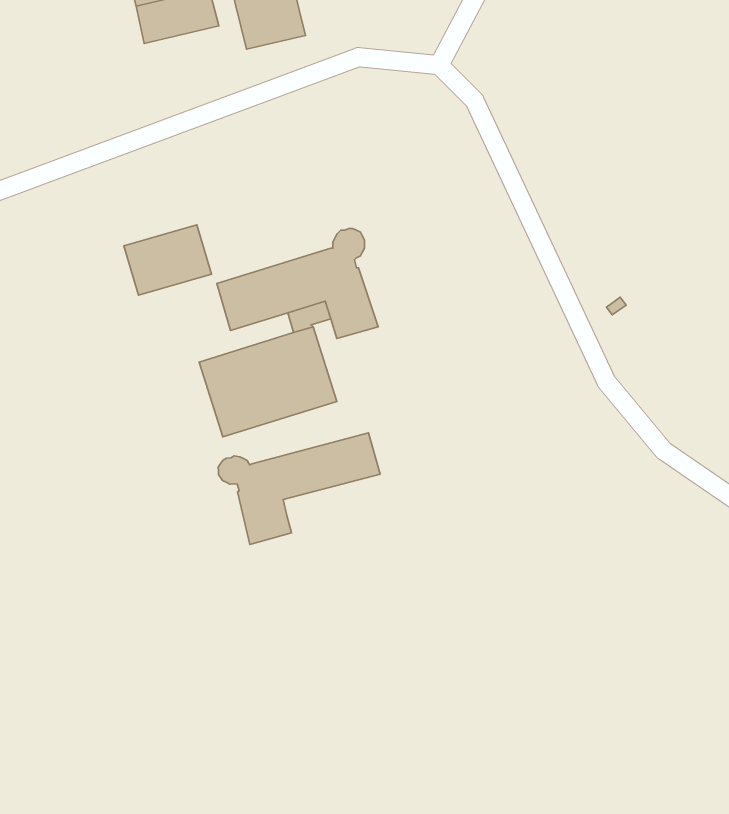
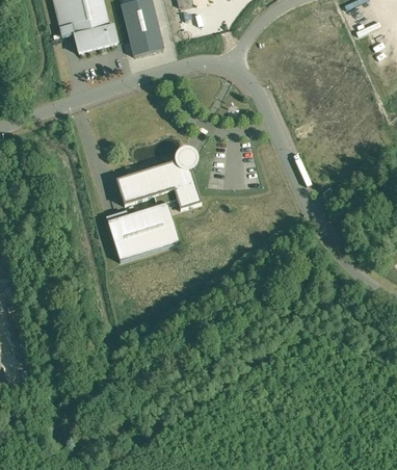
building: [124,225,211,295] -> none
building: [218,433,380,545] -> none

